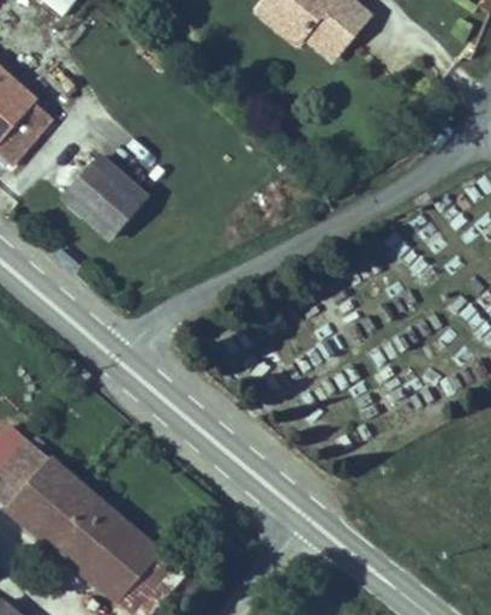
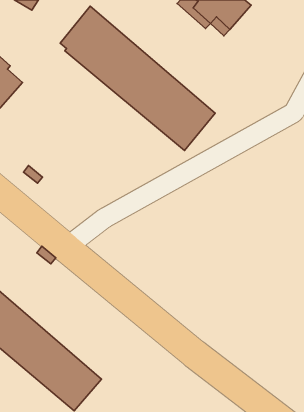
building: none -> [60,6,215,150]
building: [53,154,143,244] -> none

